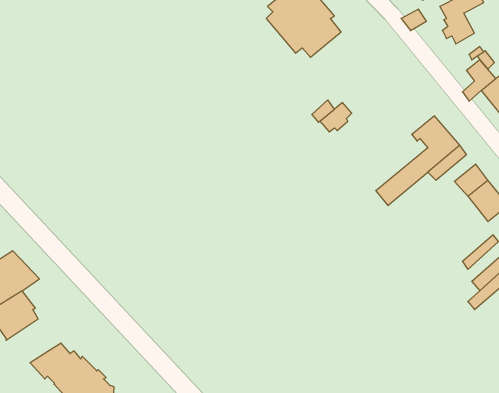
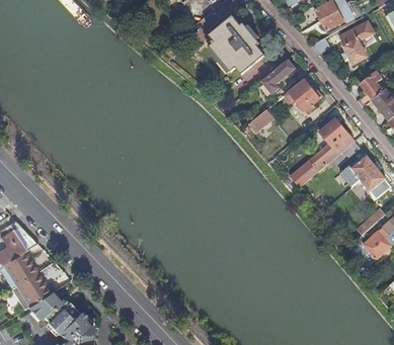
building: none -> [260,59,294,92]
building: none -> [284,78,322,111]
building: none -> [10,272,51,309]

